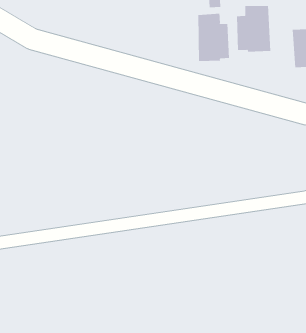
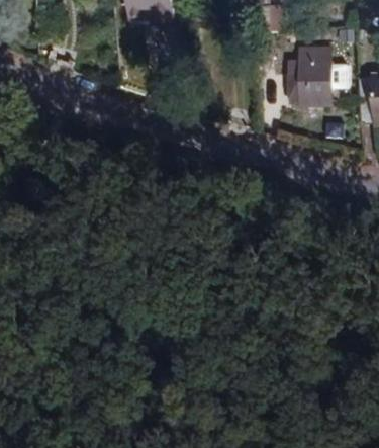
building: [198,13,229,62] -> none

